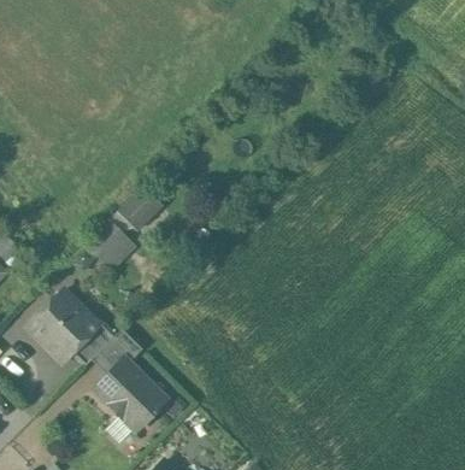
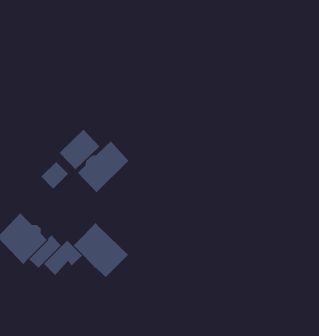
building: none -> [77,140,129,193]
building: [93,358,166,431] -> [73,222,129,278]

